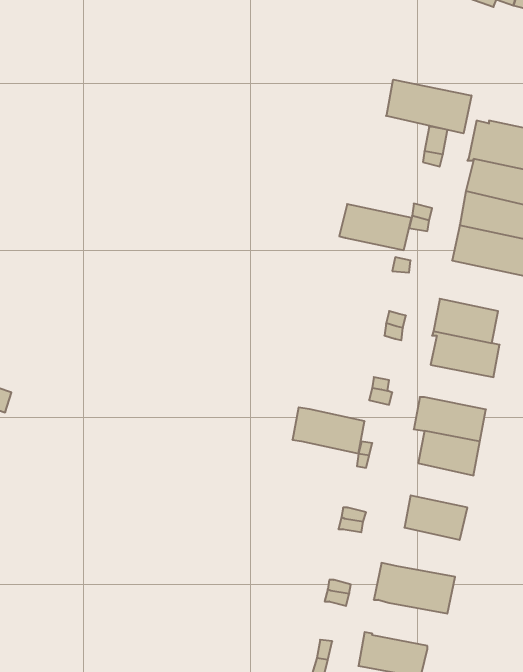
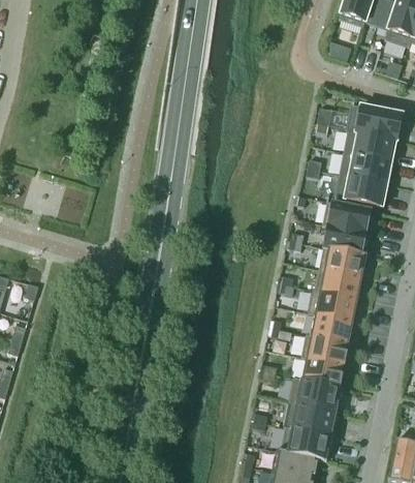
building: [386,80,471,133] -> none
building: [339,204,411,250] -> [322,200,371,231]
building: none -> [316,267,362,297]
building: [292,407,365,454] -> [300,332,349,363]
building: none -> [287,374,342,410]
building: none -> [281,425,331,459]

